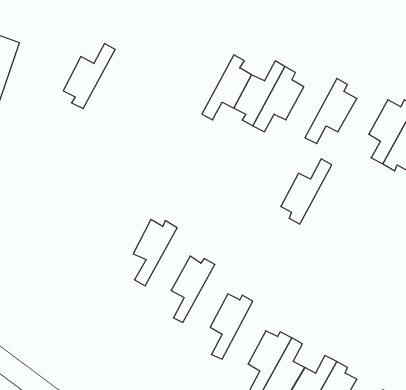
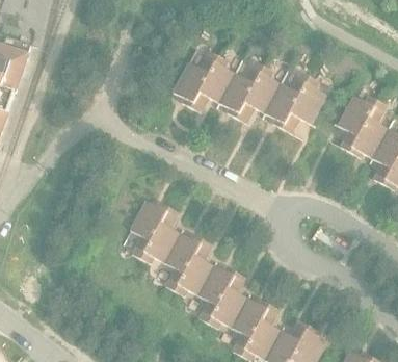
building: [63,44,115,109] -> [174,50,219,107]
building: [281,159,332,224] -> [265,71,310,128]
building: none -> [141,207,181,263]
building: none -> [175,239,214,295]
building: none -> [209,272,247,328]

